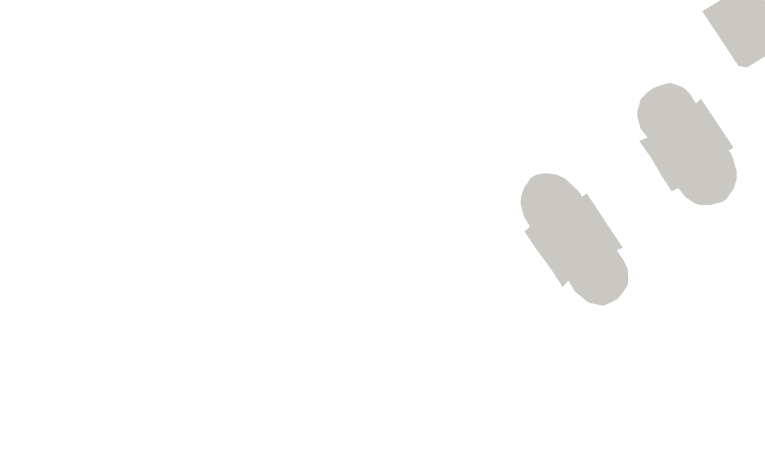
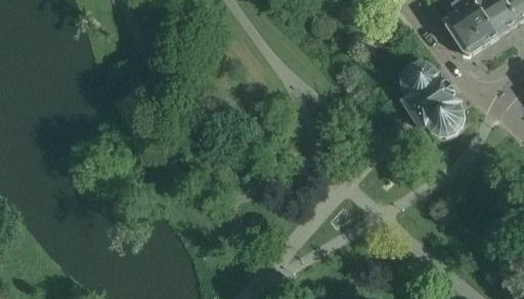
building: [520,173,629,306] -> none

